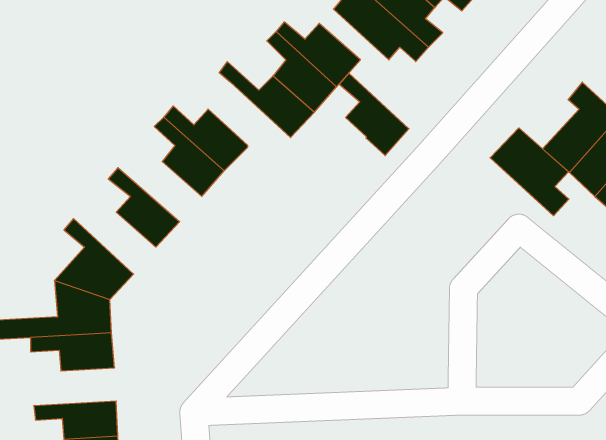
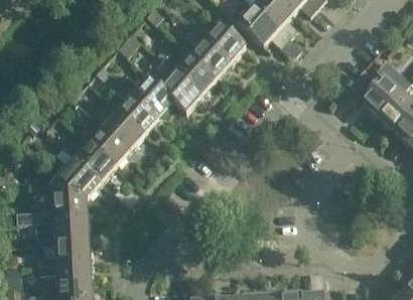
building: [339,73,409,156] -> [156,59,200,112]
building: [490,128,569,216] -> none
building: none -> [91,107,144,148]
building: none -> [62,139,115,181]
building: none -> [37,241,90,265]

